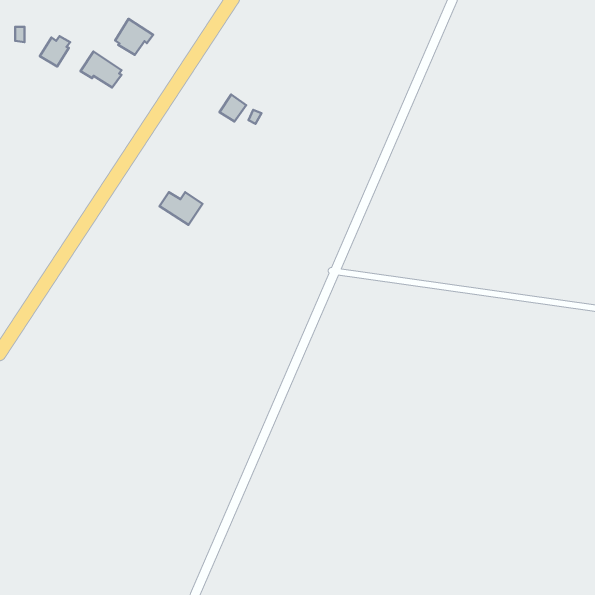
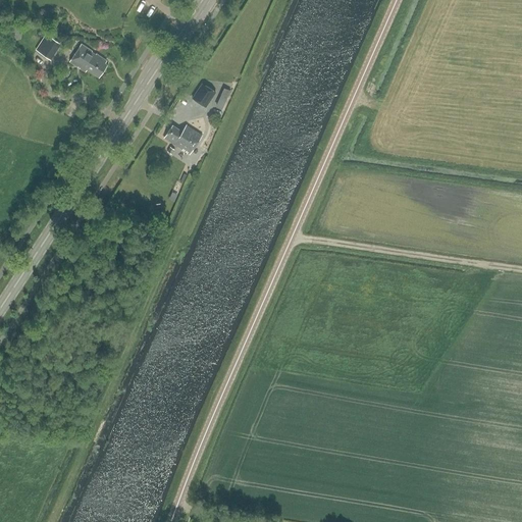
building: [115,19,153,55] -> none
building: [159,192,203,225] -> [163,124,201,153]

